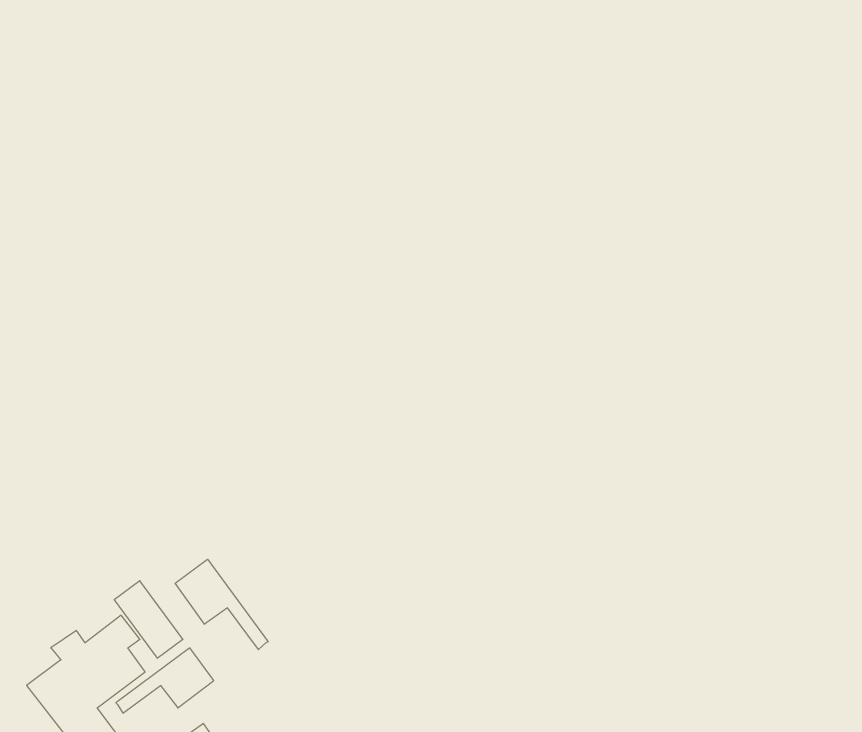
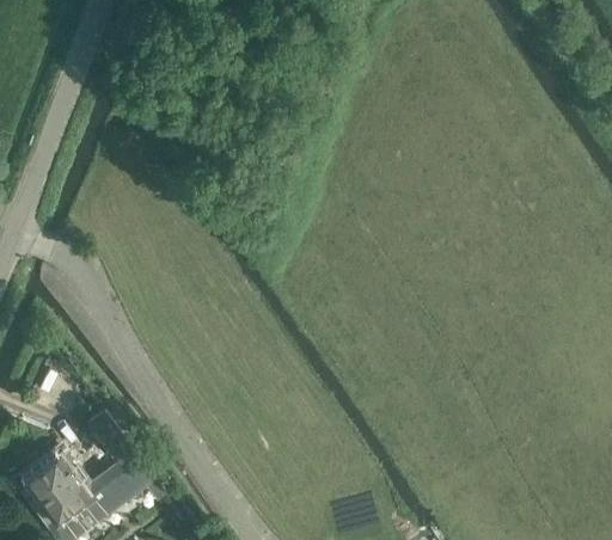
building: [175,559,268,650] -> none

